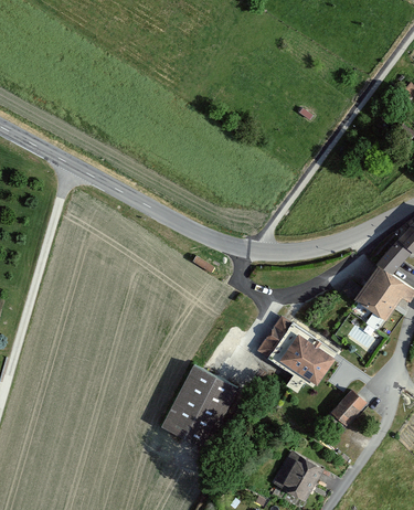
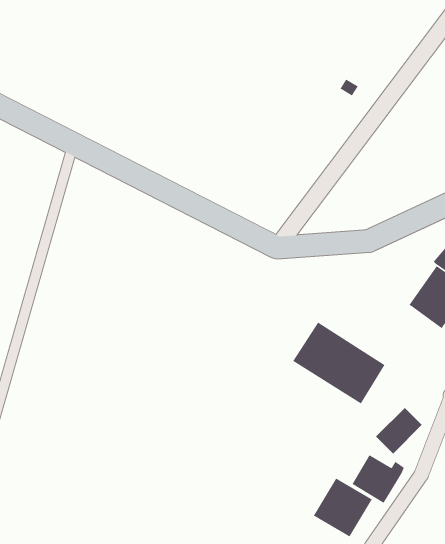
building: [160,364,235,447] -> none
building: none -> [351,454,405,504]

